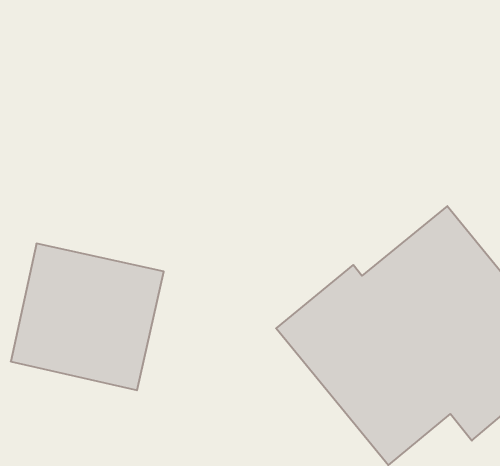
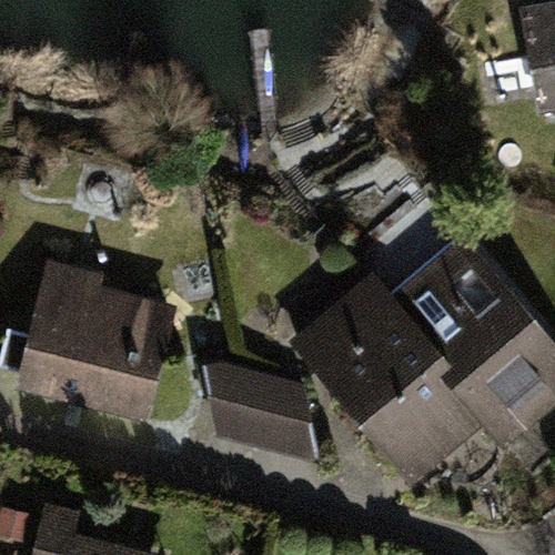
building: none -> [201,361,309,452]

